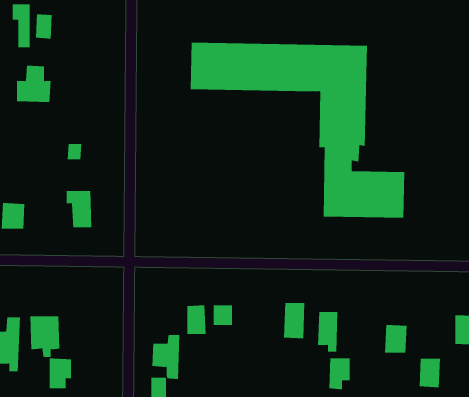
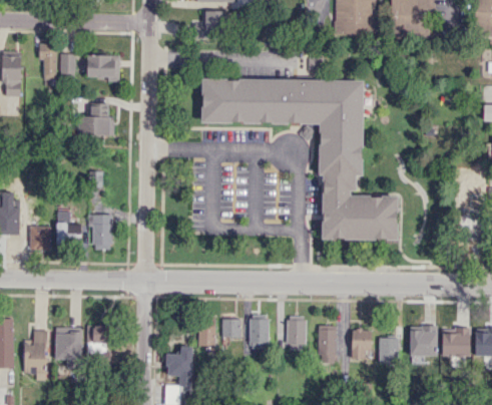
building: none -> [87,55,120,81]
building: [16,65,51,103] -> [82,102,114,136]
building: none -> [56,222,81,245]
building: none -> [250,319,270,349]
building: [328,358,350,390] -> [352,330,372,359]
building: [49,358,72,389] -> [88,325,109,353]
building: [419,358,441,388] -> [415,330,435,357]

